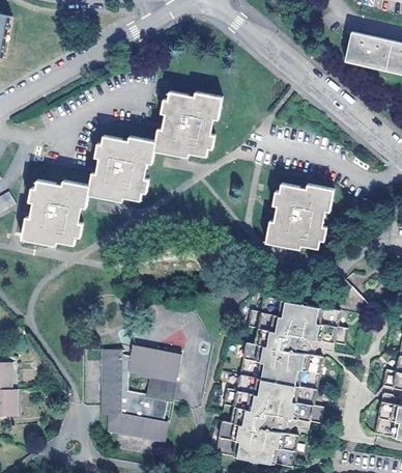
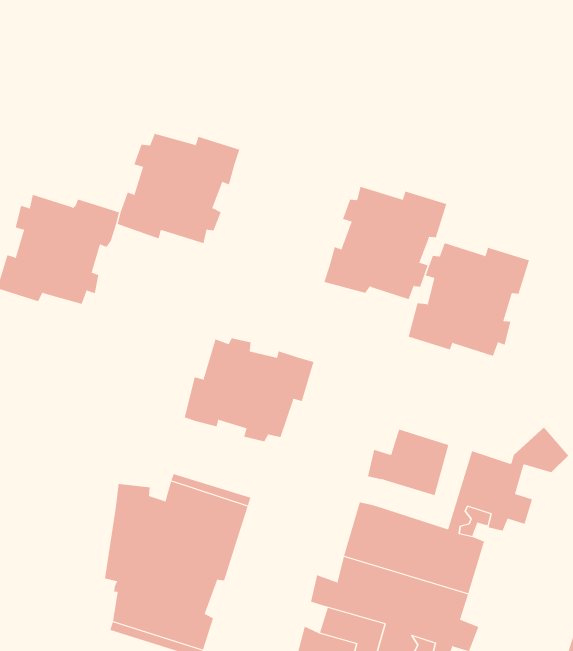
building: [152,93,221,158] -> [323,186,447,300]
building: none -> [184,338,314,442]
building: [256,305,310,355] -> none

